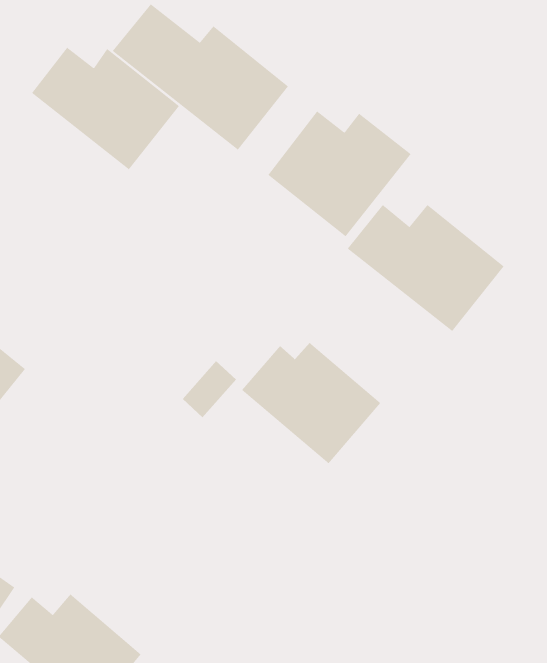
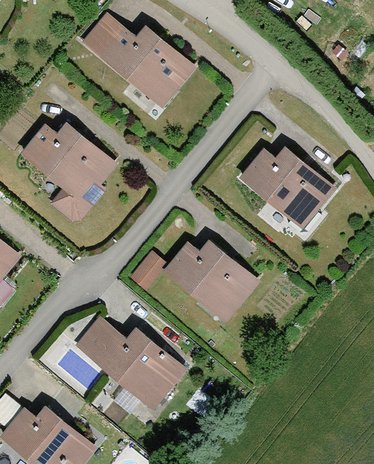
building: [31,47,180,170] -> [19,124,119,207]
building: [267,110,412,237] -> none
building: none -> [67,313,187,412]

